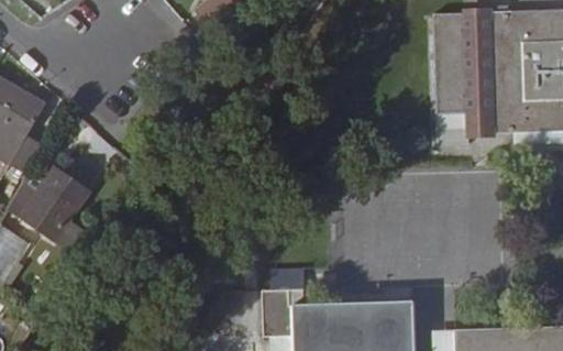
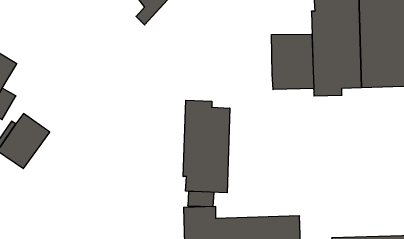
building: none -> [272,34,314,90]
building: none -> [183,100,230,193]

